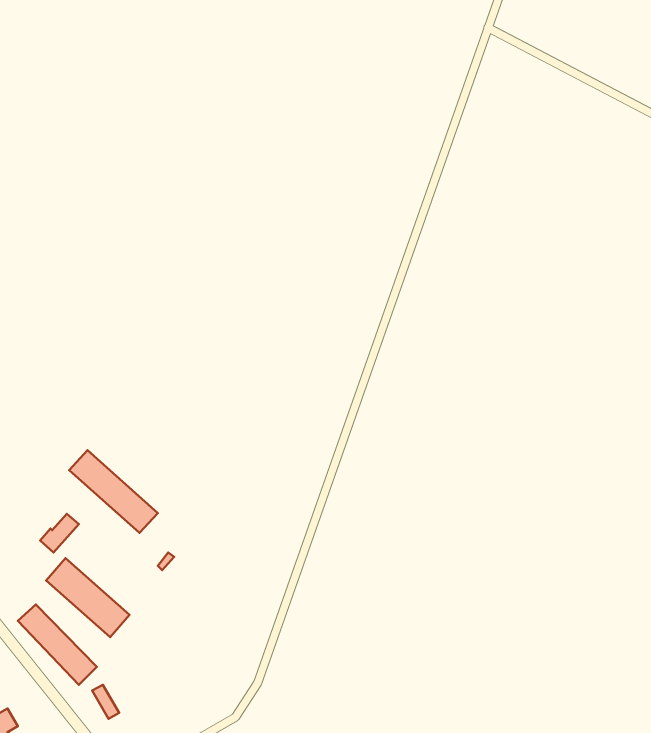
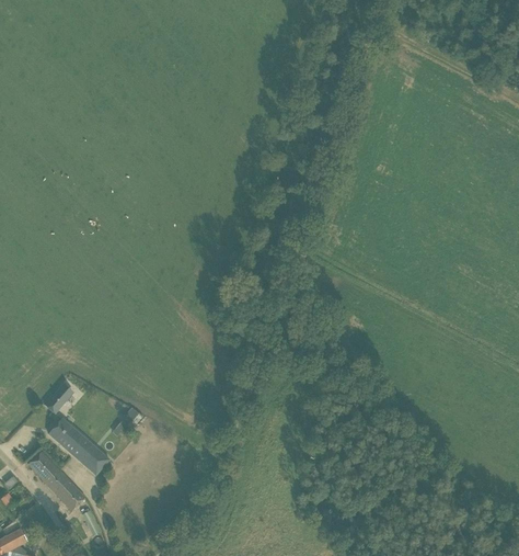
building: [69,450,158,533] -> none

